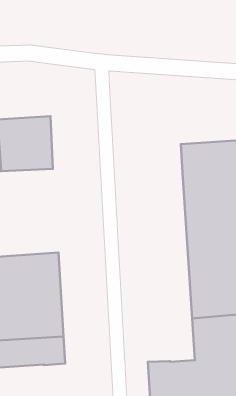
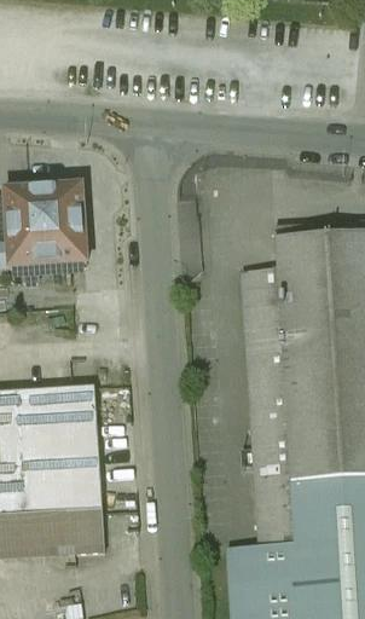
building: none -> [242,271,296,549]

